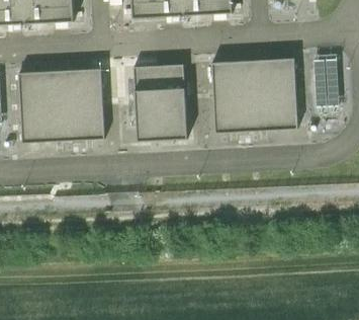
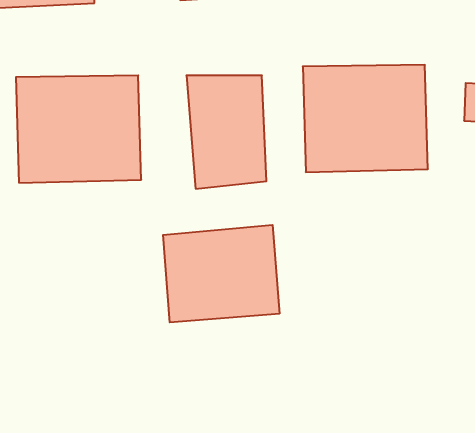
building: none -> [163,225,279,322]

